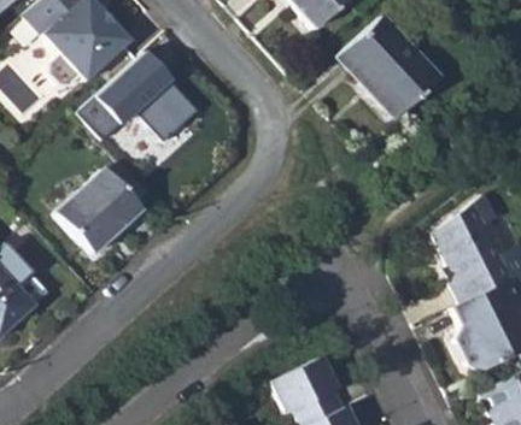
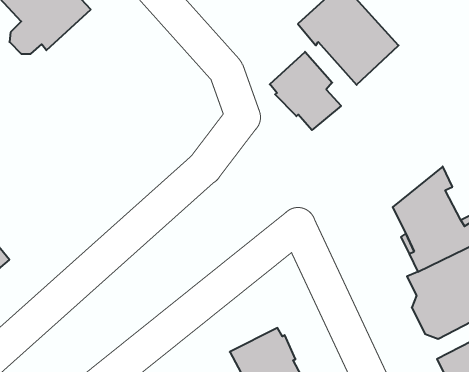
building: [81,49,206,141] -> none
building: none -> [270,52,341,130]
building: [55,169,141,253] -> none

